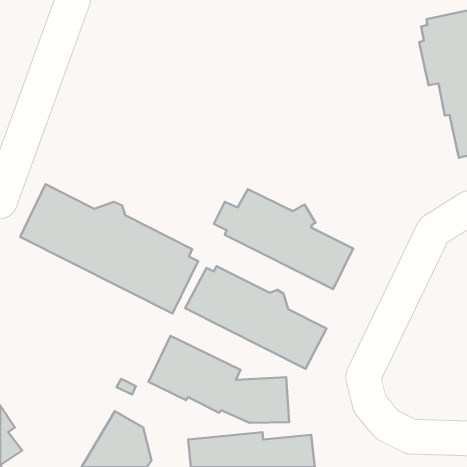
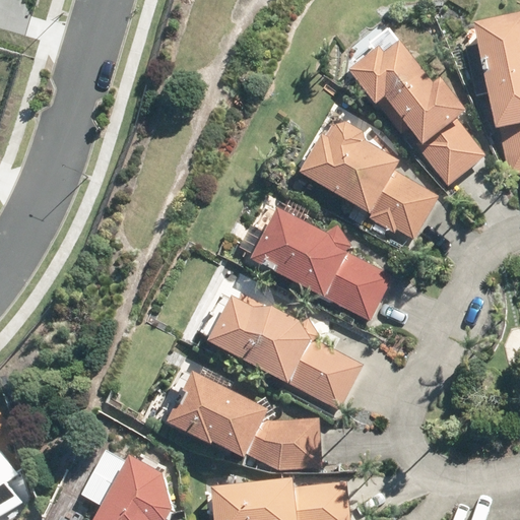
building: none -> [348,42,486,185]
building: none -> [299,123,439,238]
building: [20,184,198,314] -> none

